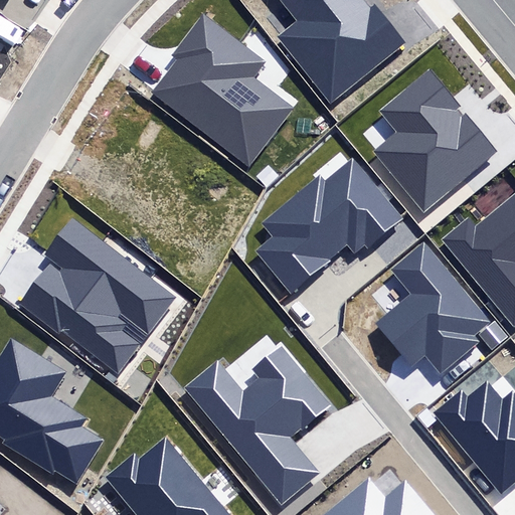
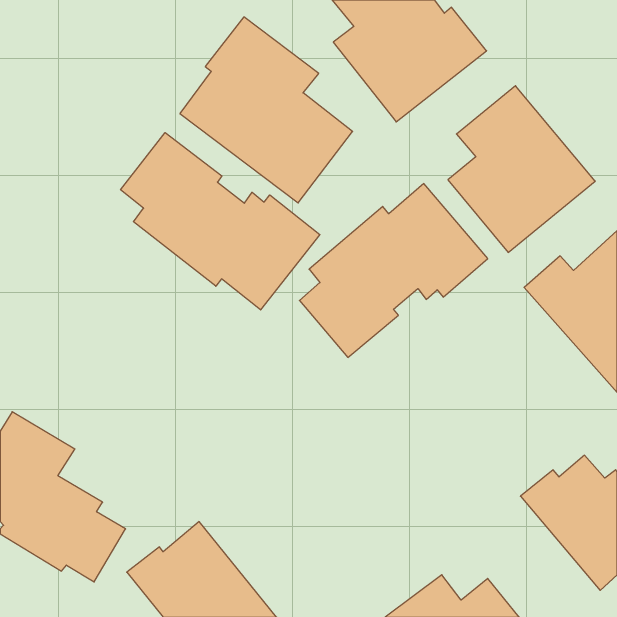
building: none -> [121,133,320,310]
building: [20,216,175,371] -> none
building: [376,243,488,373] -> none
building: [186,346,330,501] -> none

